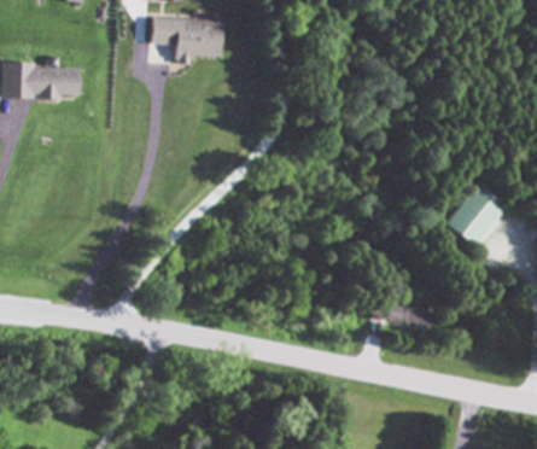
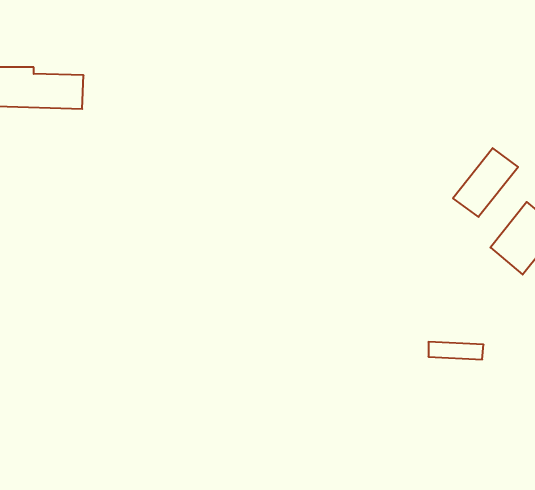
building: [150,17,220,63] -> none
building: none -> [453,148,518,217]

